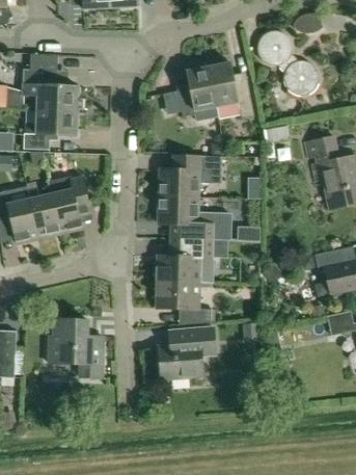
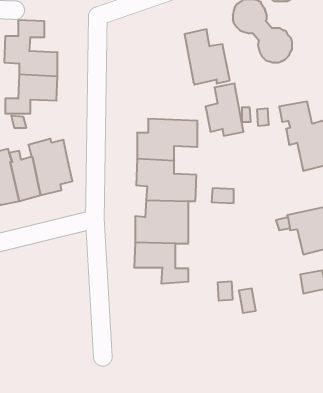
building: [177,67,217,121] -> [205,83,244,136]
building: [48,318,102,377] -> none
building: [158,328,216,378] -> none

